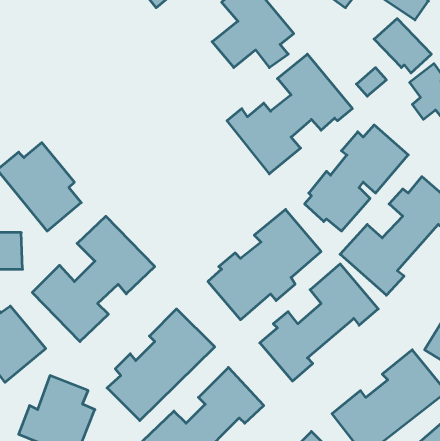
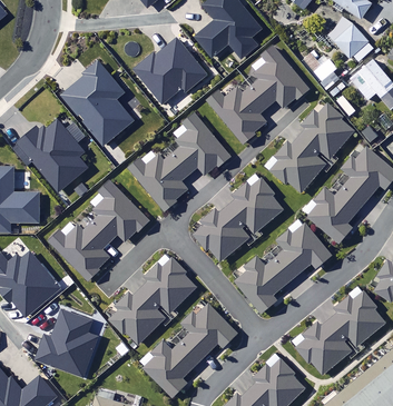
building: none -> [135,39,208,103]
building: none -> [63,61,135,146]
building: none -> [129,113,229,210]

